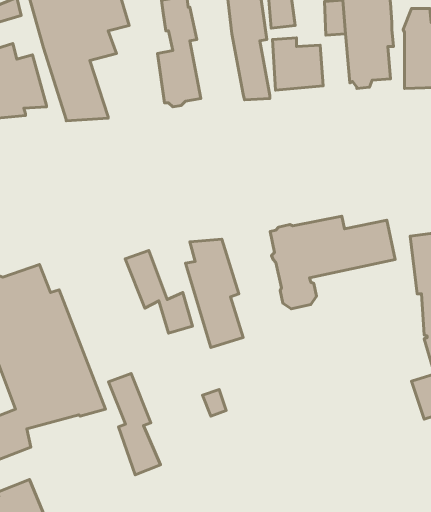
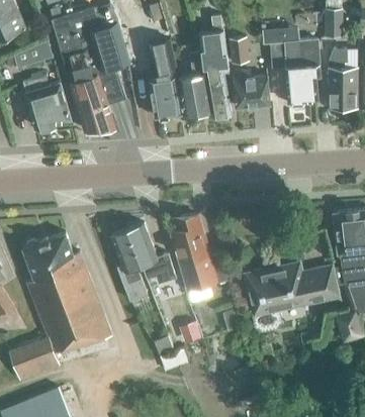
building: none -> [179,51,212,116]
building: [270,216,395,309] -> [248,265,338,331]
building: [109,374,161,475] -> [111,229,149,302]

